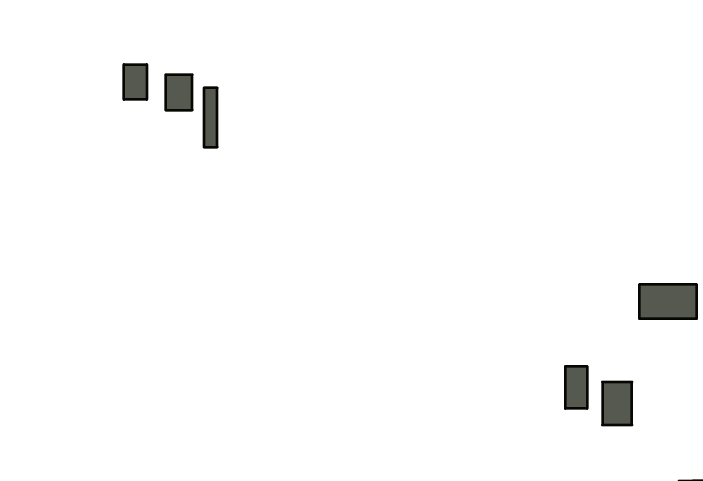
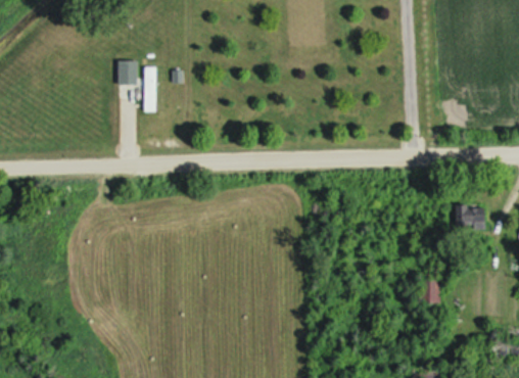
building: [124,64,147,100] -> none
building: [565,366,587,409] -> none

